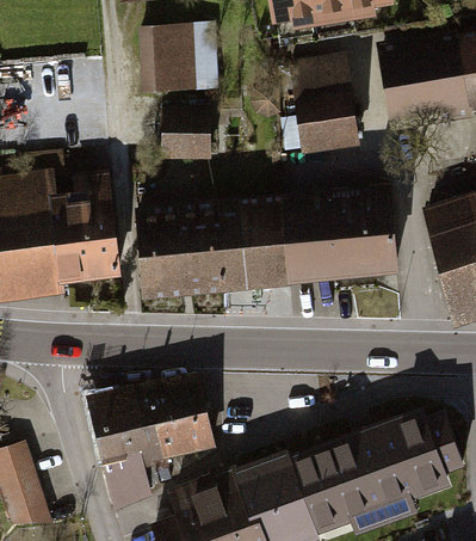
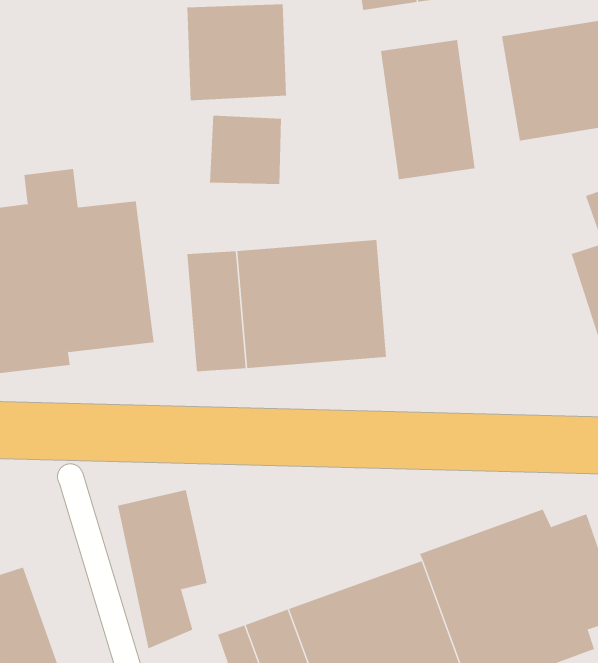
building: [285,191,396,287] -> none
building: [144,373,212,454] -> none

